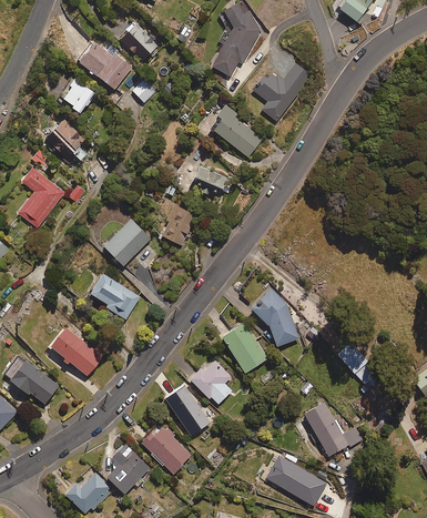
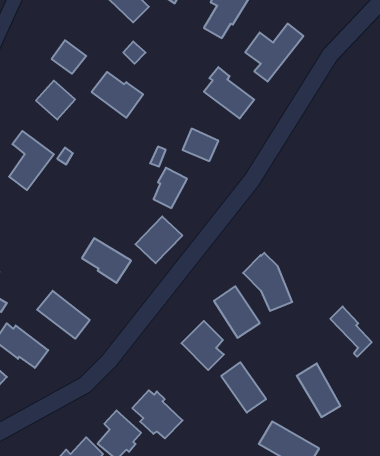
building: [80,43,131,89] -> [92,72,143,118]
building: [103,219,150,265] -> [135,216,182,263]
building: [163,383,207,433] -> [221,362,266,413]

